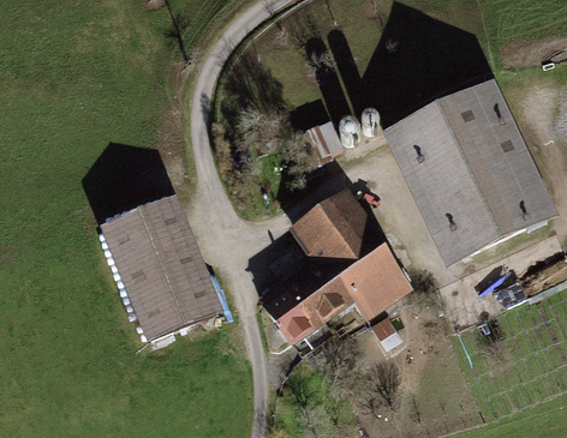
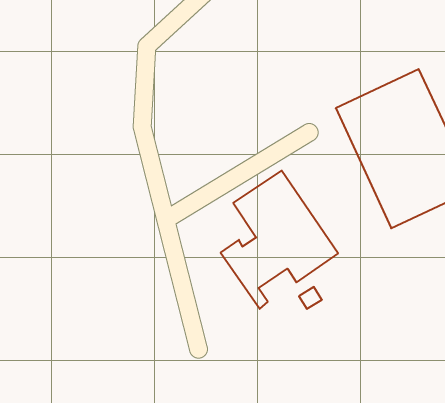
building: [102,193,220,341] -> none
building: [259,277,323,349] -> none

